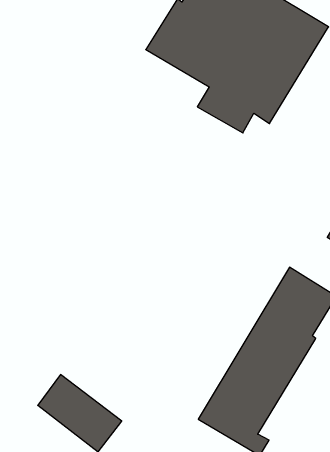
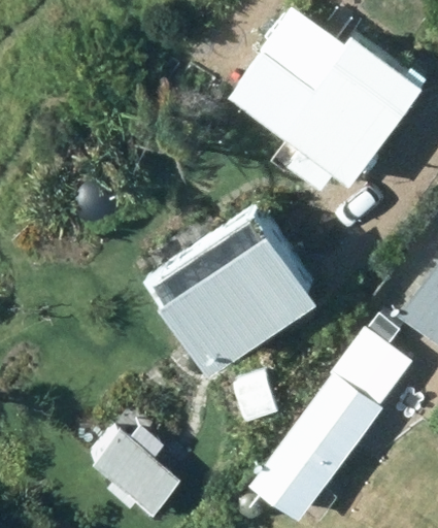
building: none -> [159,216,309,355]

